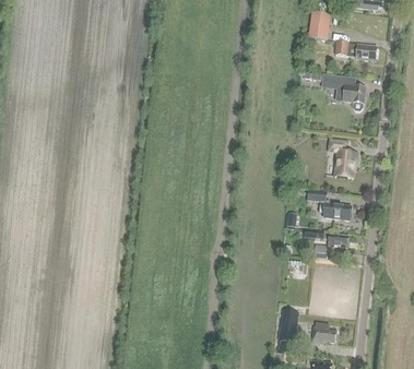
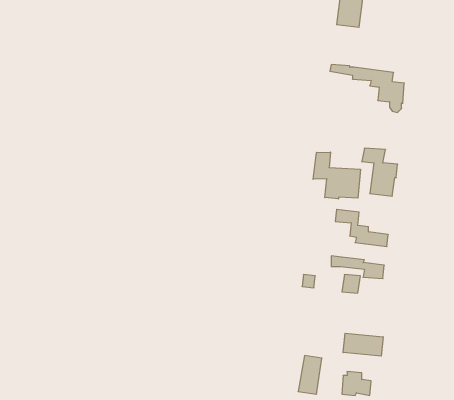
building: [334,41,376,60] -> none
building: none -> [313,152,360,199]
building: none -> [343,333,383,356]

